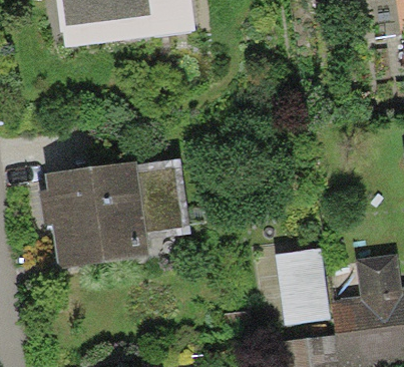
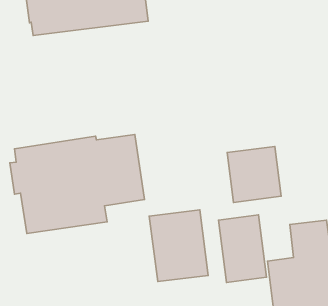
building: none -> [227,146,281,202]
building: none -> [149,210,208,282]

